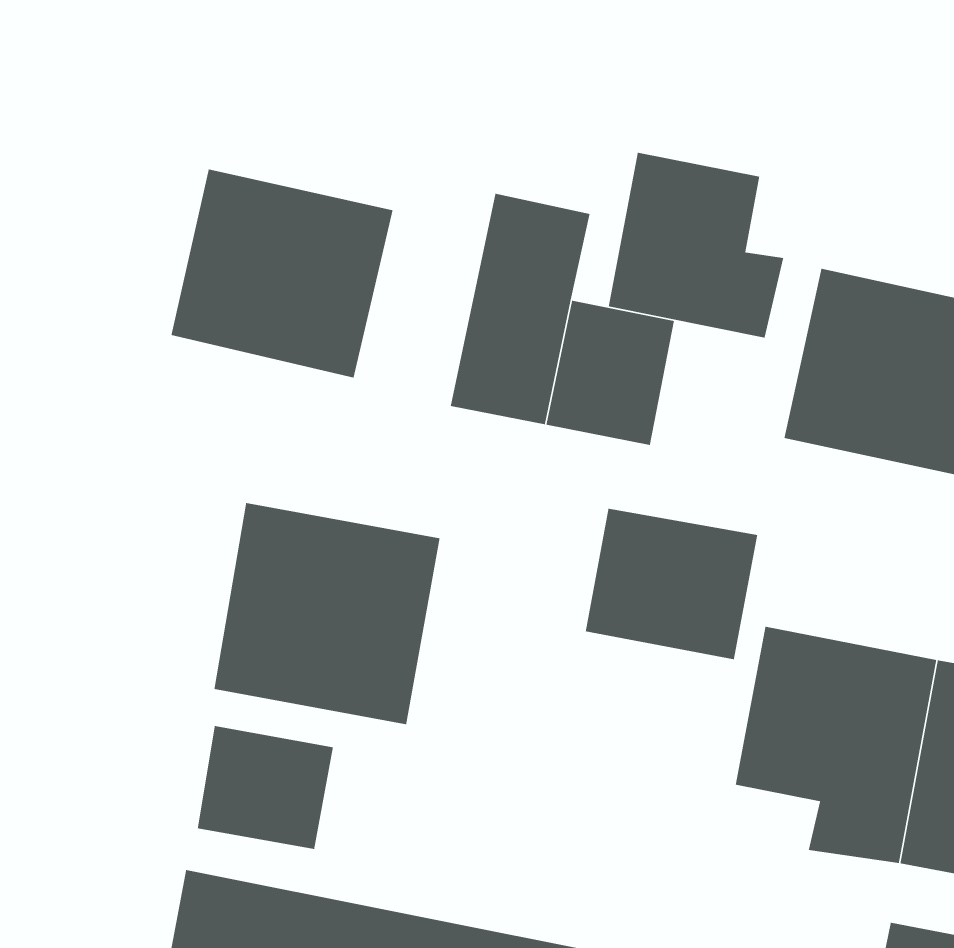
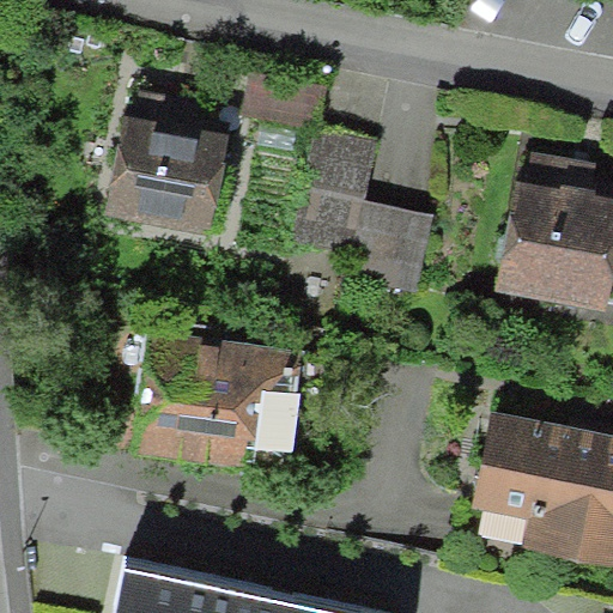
building: [608,152,784,339] -> none
building: [585,508,758,660] -> none
building: [197,725,334,850] -> none

